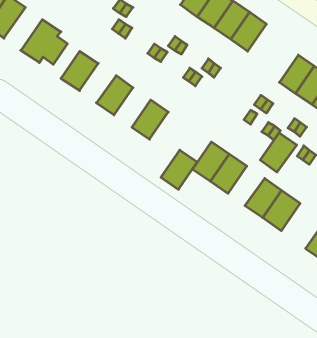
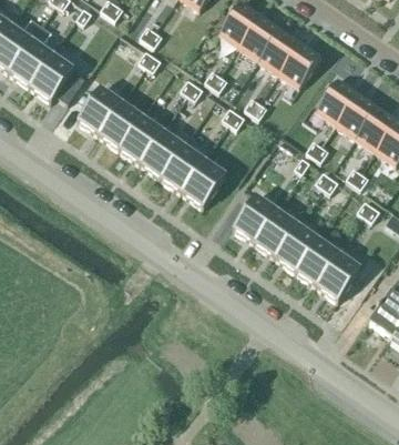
building: none -> [9,36,54,87]
building: none -> [315,78,358,124]
building: none -> [99,102,142,149]
building: none -> [140,131,183,178]
building: [260,133,297,172] -> [275,224,318,271]
building: [161,150,197,189] -> [182,160,225,206]

